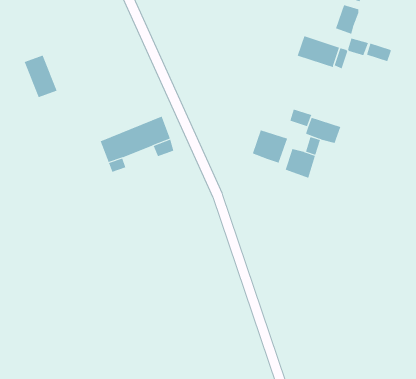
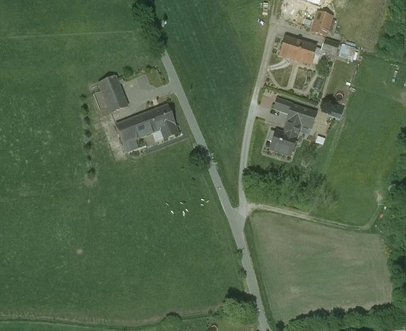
building: [24,55,57,98] -> [98,76,126,112]
building: [252,130,288,164] -> none

